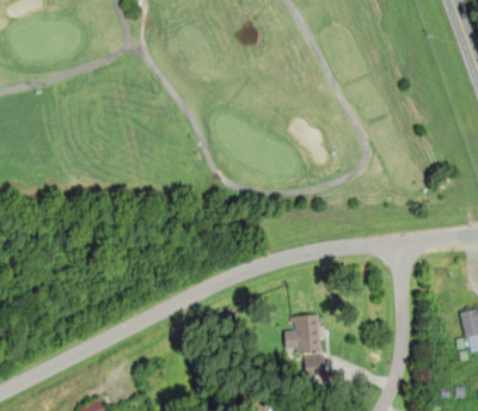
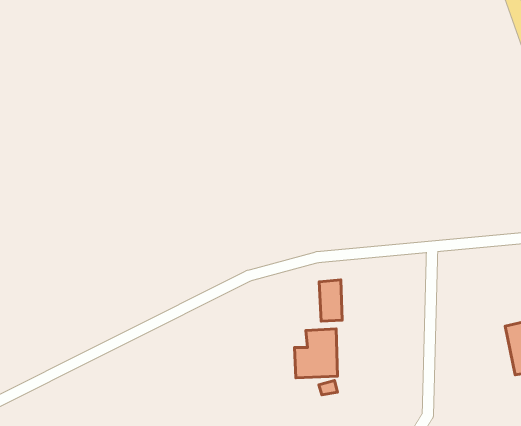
building: none -> [319,280,342,321]

